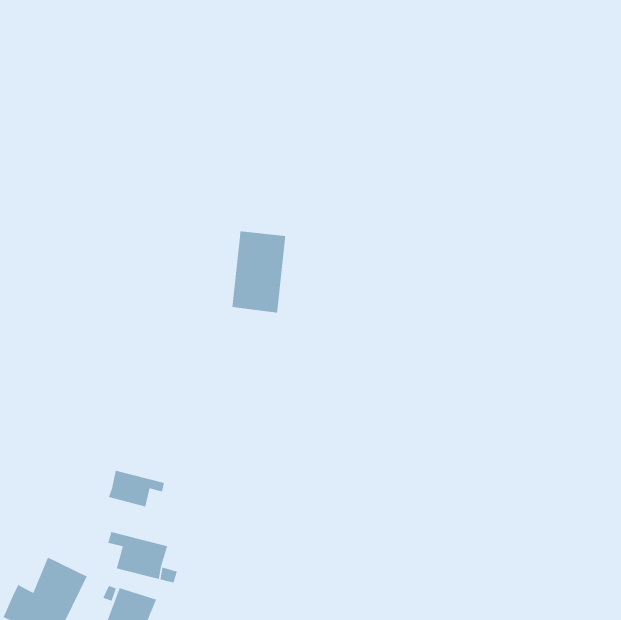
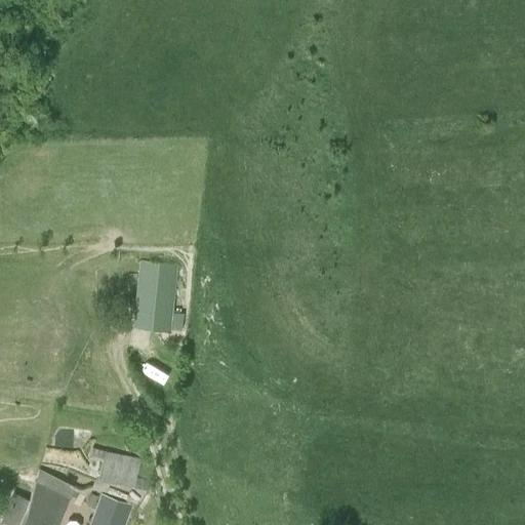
building: [231,231,286,313] -> [133,262,179,332]
building: [108,470,165,508] -> none

